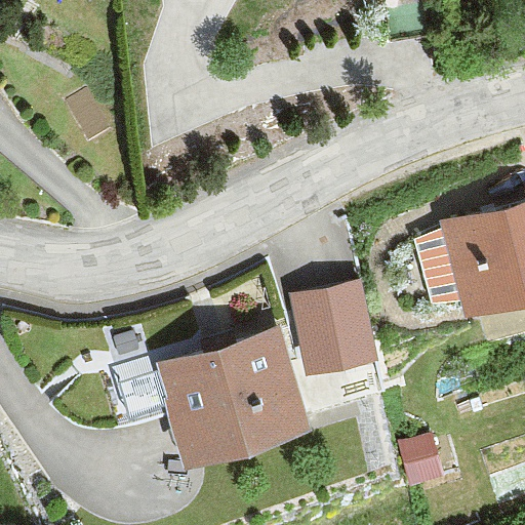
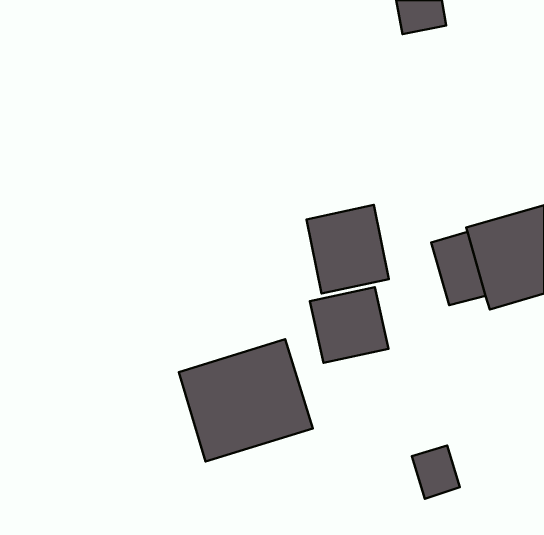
building: none -> [306,205,389,293]

